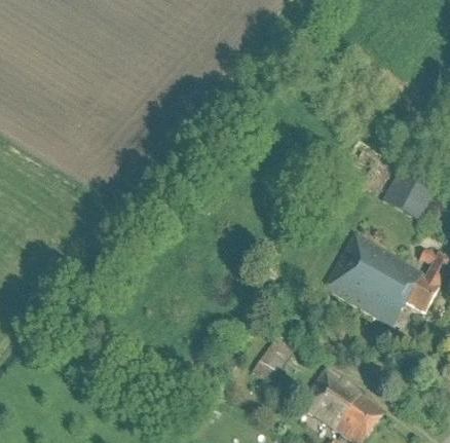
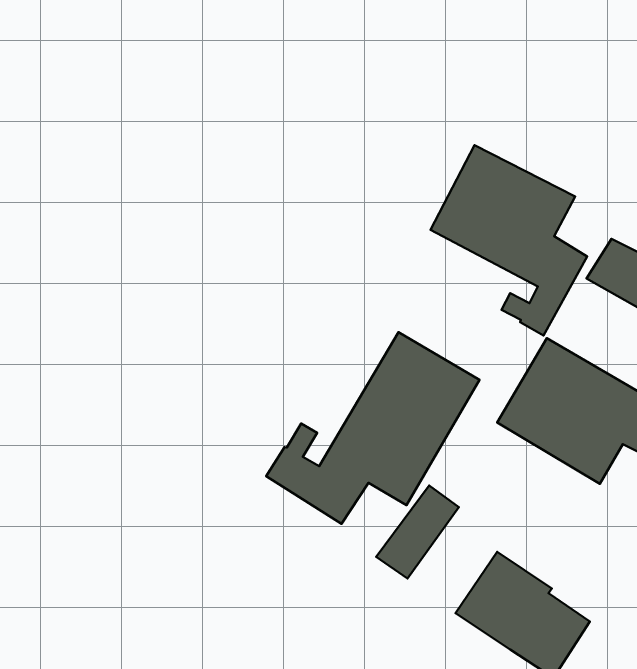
building: none -> [430,145,587,335]
building: none -> [266,332,480,524]

